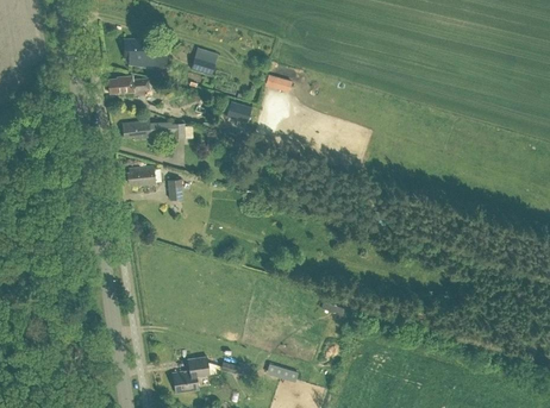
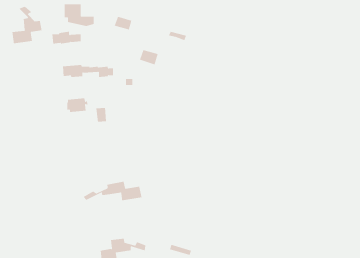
building: none -> [12,6,42,44]
building: none -> [83,181,142,201]

